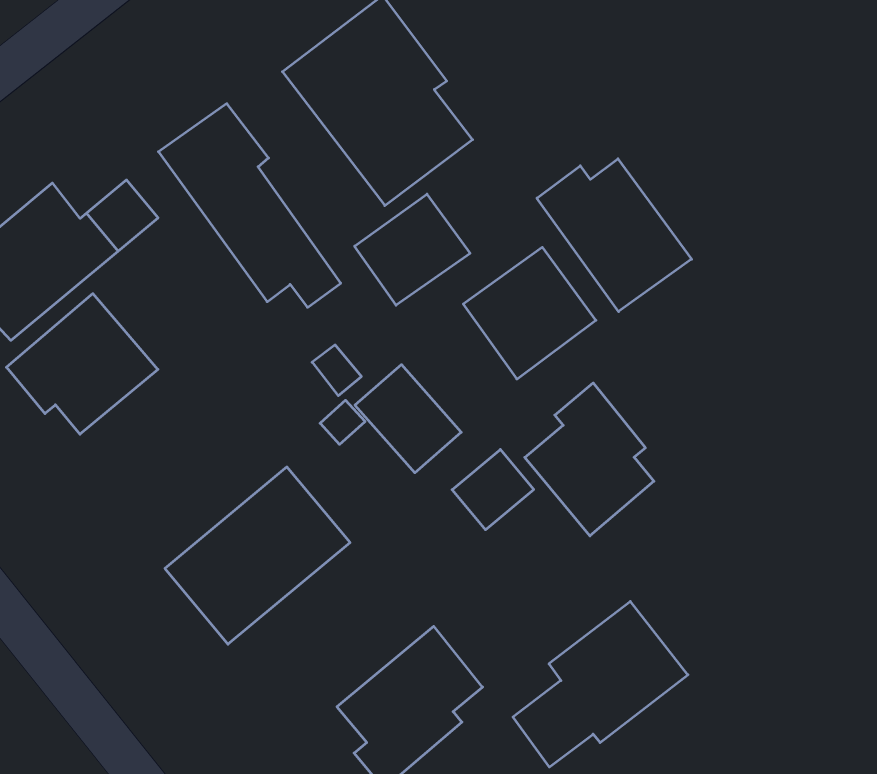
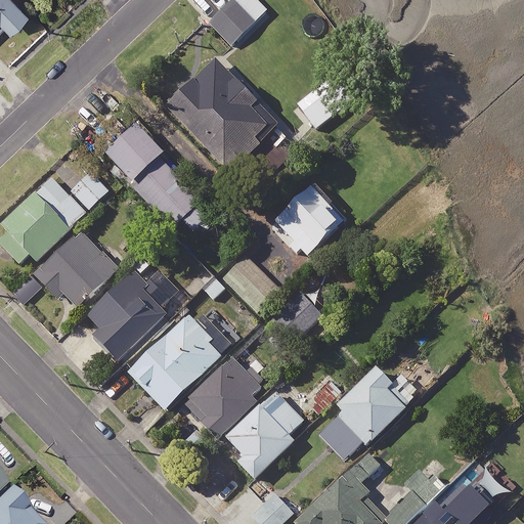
building: [537,159,692,312] -> none
building: [355,194,470,305] -> none
building: none -> [88,266,169,360]
building: [525,383,654,536] -> none
building: none -> [184,358,257,437]

